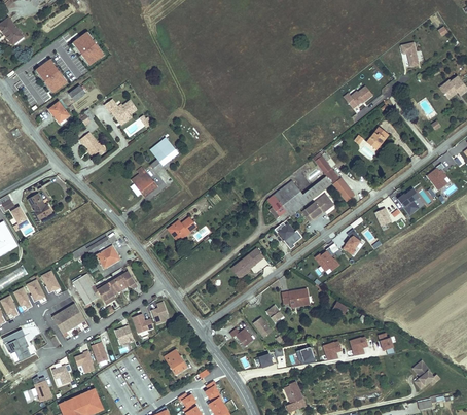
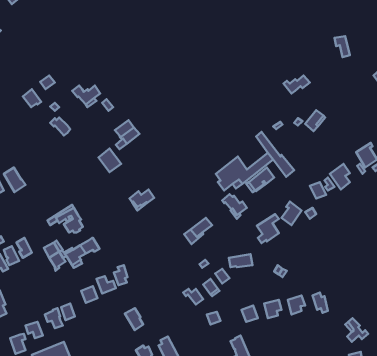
building: [72,31,105,67] -> none
building: [35,59,68,95] -> none
building: [52,304,85,334] -> none

